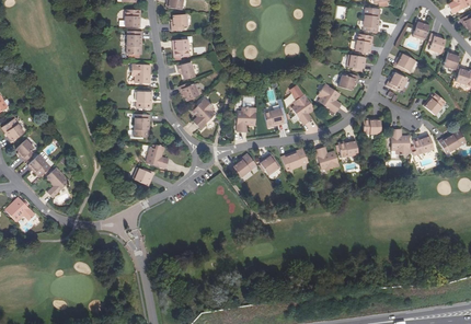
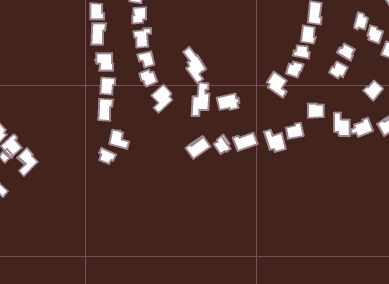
building: [288,84,313,124] -> [183,47,206,83]

